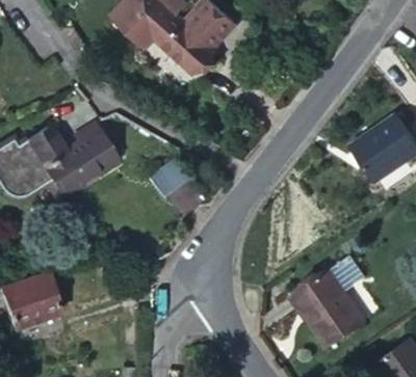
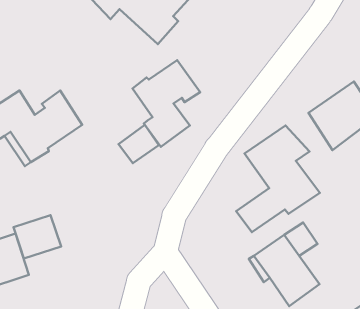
building: none -> [132,60,200,147]
building: none -> [236,125,320,232]
building: none -> [13,215,61,258]

